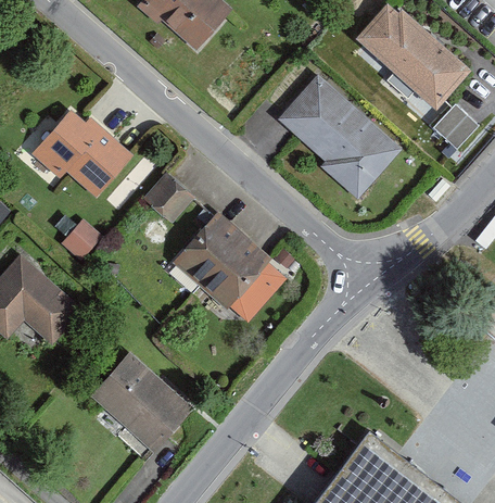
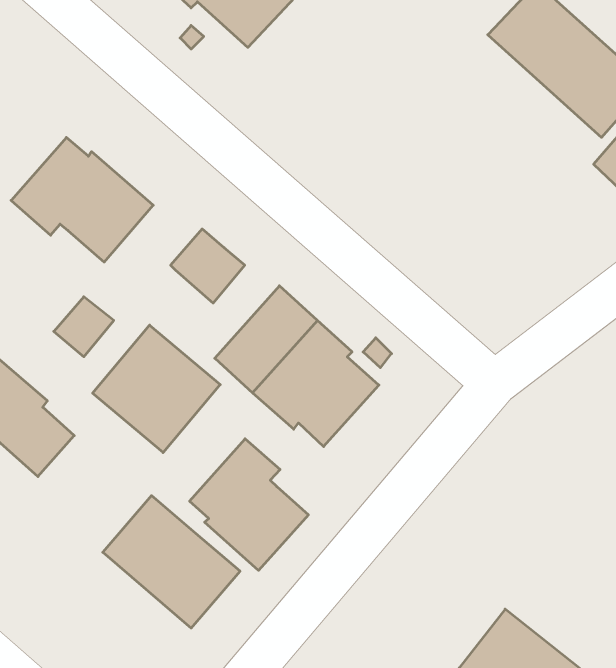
building: [277,78,398,201] -> none
building: none -> [93,325,220,453]
building: none -> [190,439,308,570]

